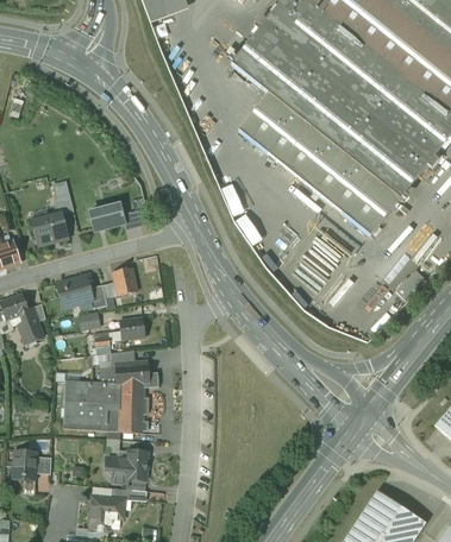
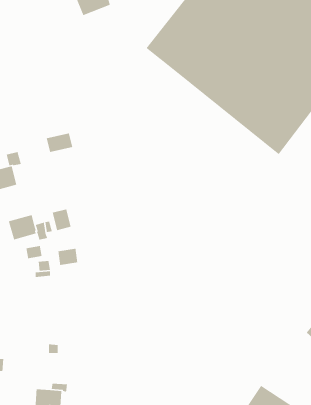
building: [239,93,400,233] -> none
building: [89,203,124,229] -> [46,132,73,153]
building: [63,359,159,431] -> none
building: [106,449,148,481] -> none

